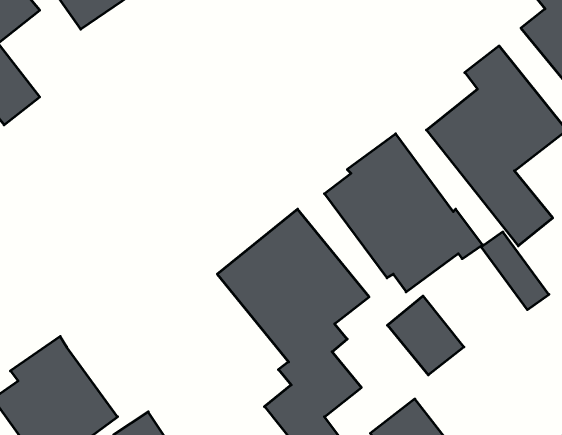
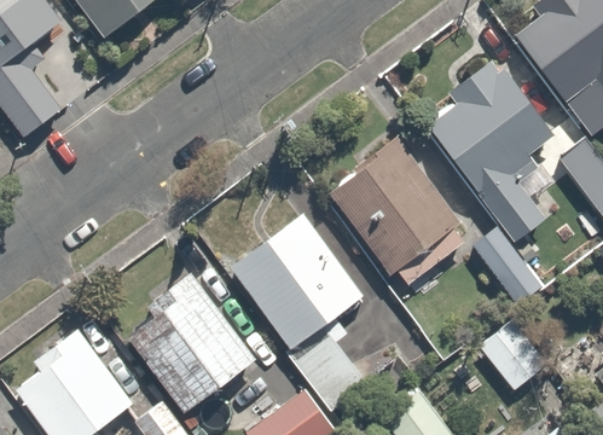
building: none -> [117,273,256,413]
building: [387,296,464,375] -> [472,319,545,394]

